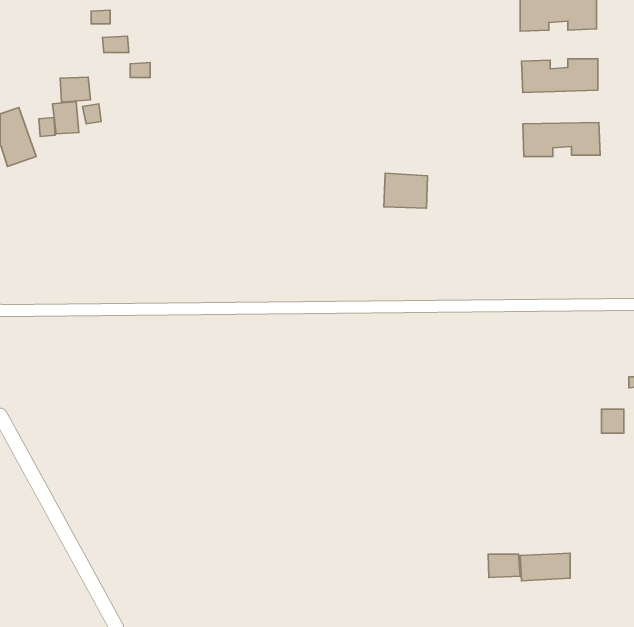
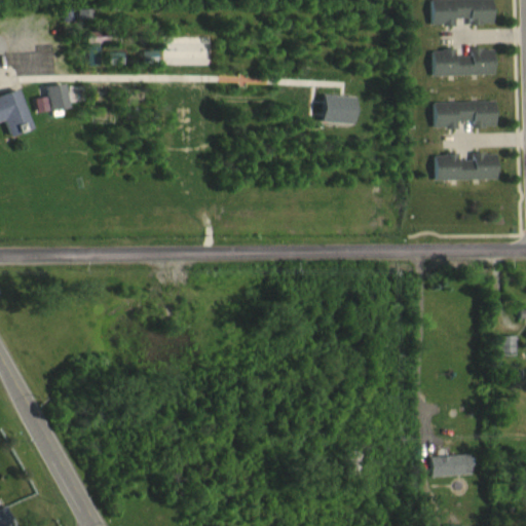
building: [60,77,91,102] -> none
building: [384,173,428,208] -> [322,95,358,123]
building: none -> [436,153,498,180]
building: [488,554,520,578] -> none

